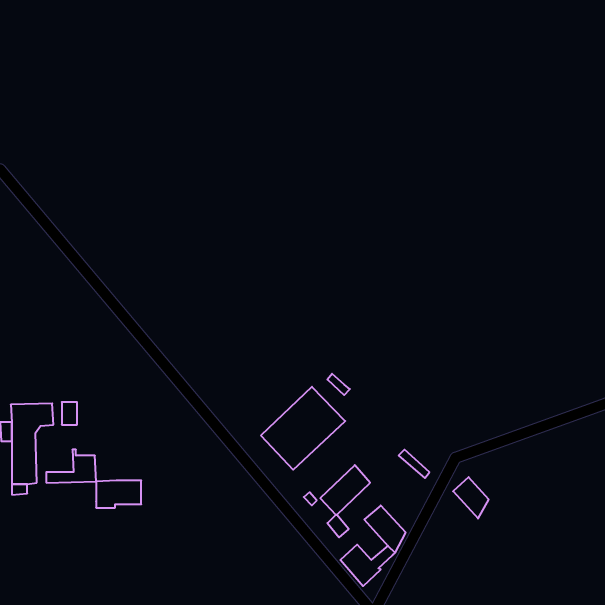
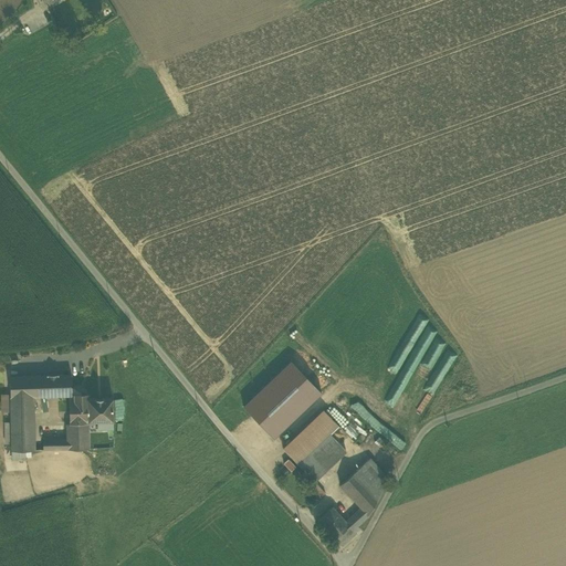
building: none -> [283,410,339,465]
building: [453,477,489,519] -> [356,459,389,497]
building: [96,480,141,508] -> [72,400,114,426]

